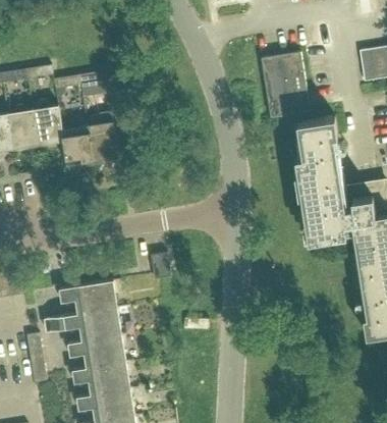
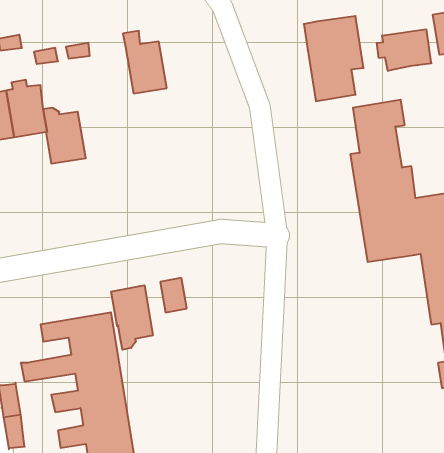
building: none -> [377,29,431,71]
building: [85,113,118,161] -> [123,31,167,93]
building: none -> [111,285,153,350]

